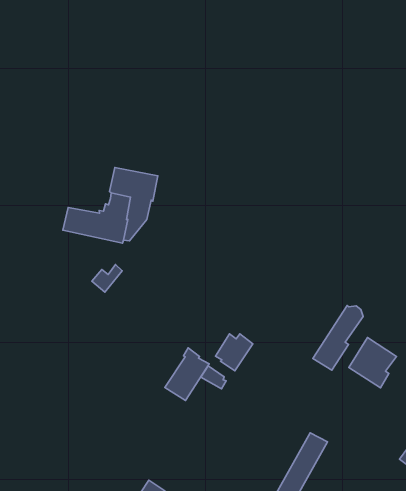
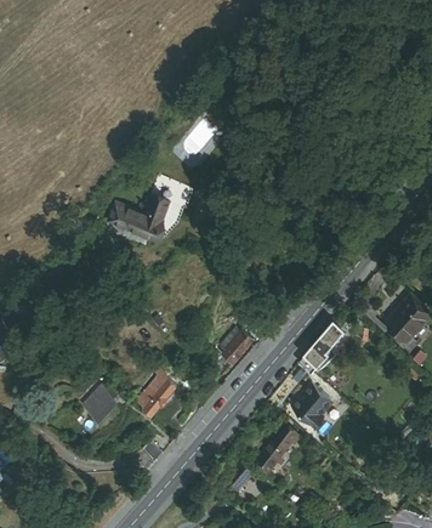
building: [349,337,396,388] -> [290,384,331,427]
building: [165,348,209,400] -> [135,370,175,414]
building: none -> [85,391,119,425]

